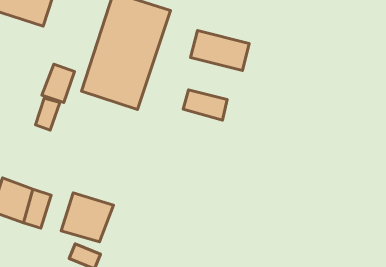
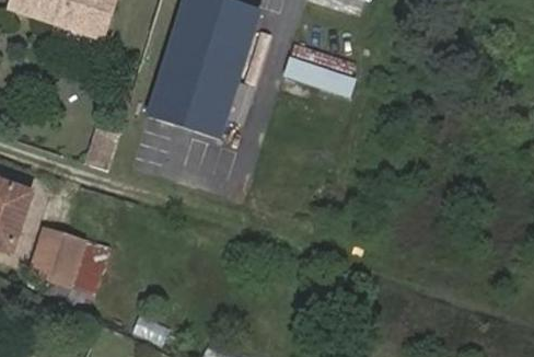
building: [42,64,75,102] -> none
building: [183,90,227,120] -> none
building: [61,193,113,242] -> none

